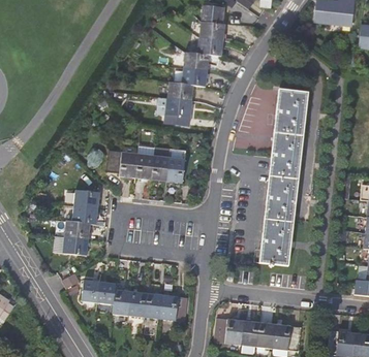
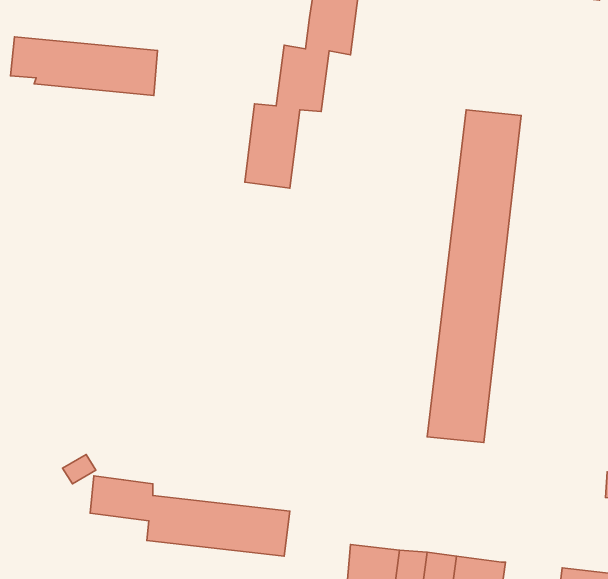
building: [107,151,185,182] -> [11,37,158,96]
building: [62,190,99,256] -> none

